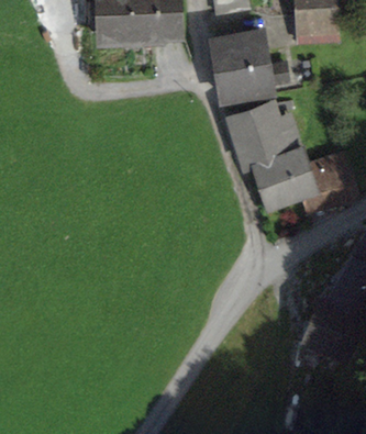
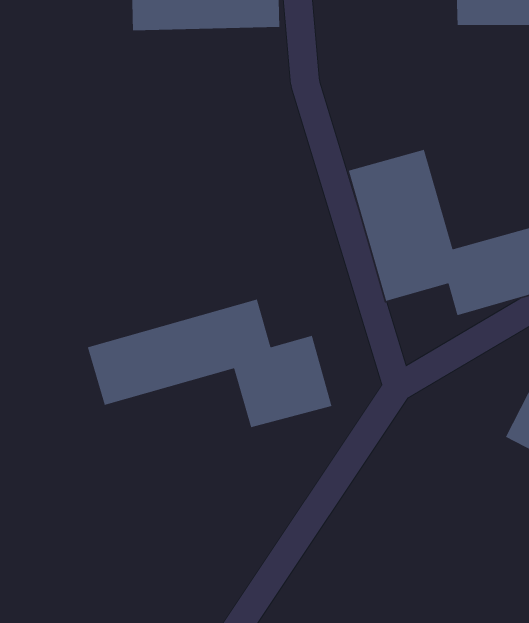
building: [213,30,279,101] -> none
building: none -> [87,298,332,428]

